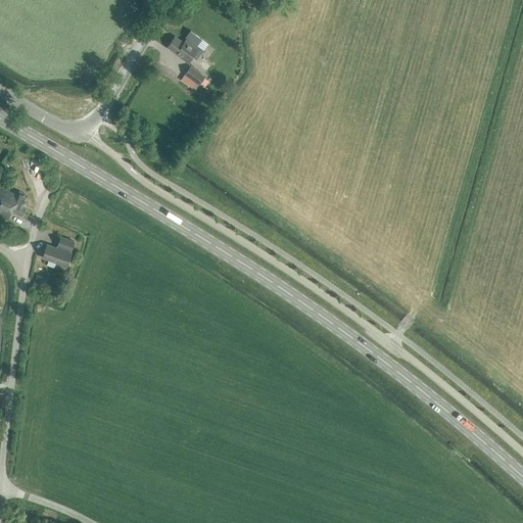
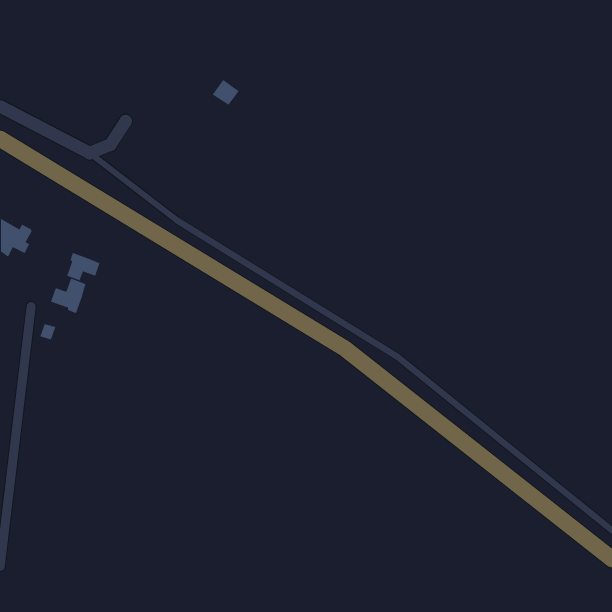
building: [167,31,203,63] -> none
building: none -> [66,252,100,281]

